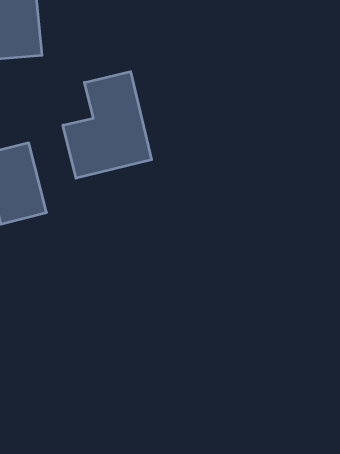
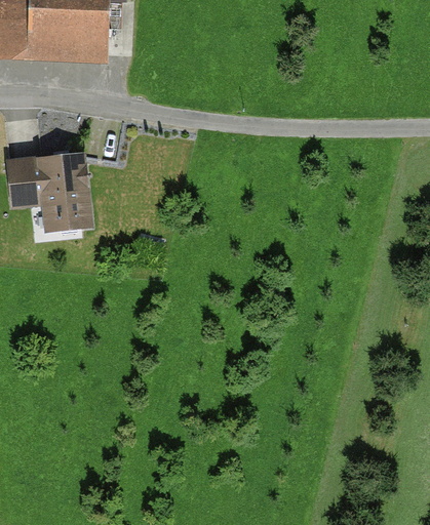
building: [63,72,152,178] -> none

